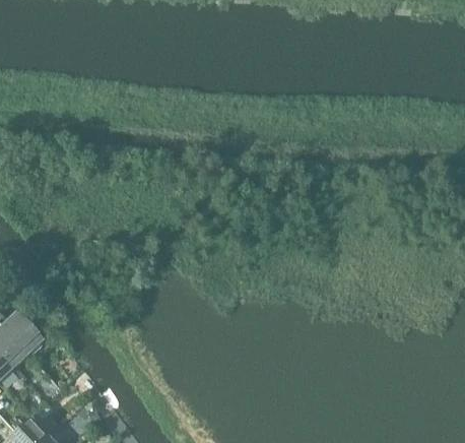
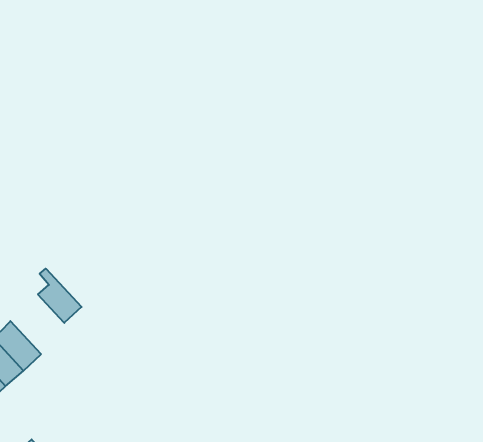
building: none -> [38,269,82,323]

